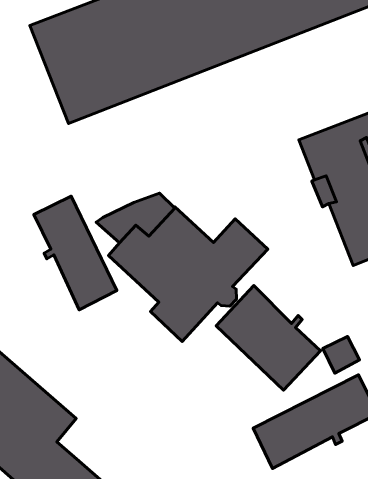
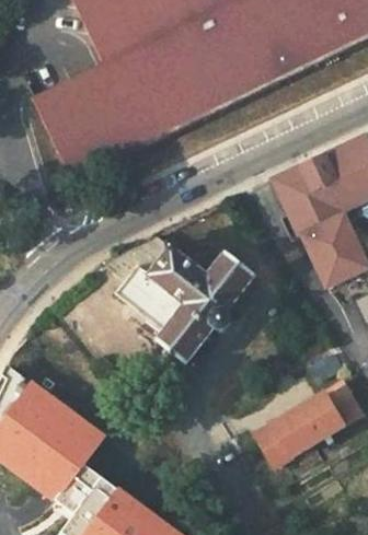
building: [34,196,117,310] -> none
building: [216,285,321,390] -> none

